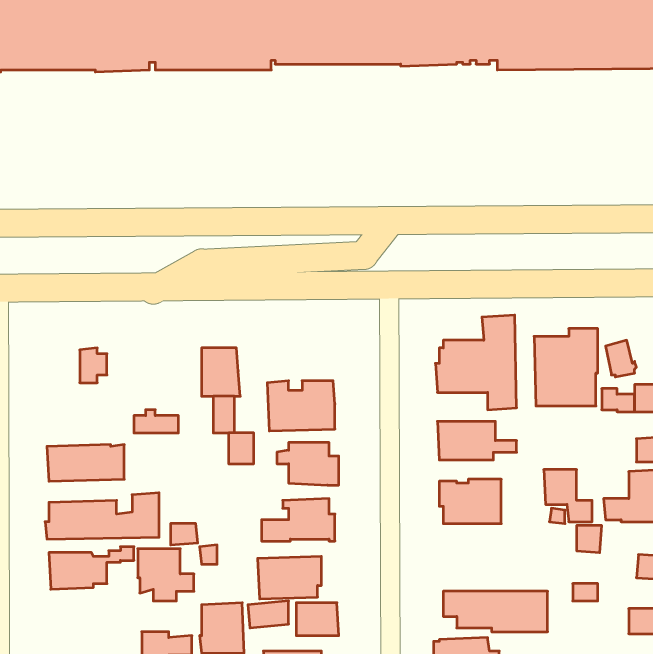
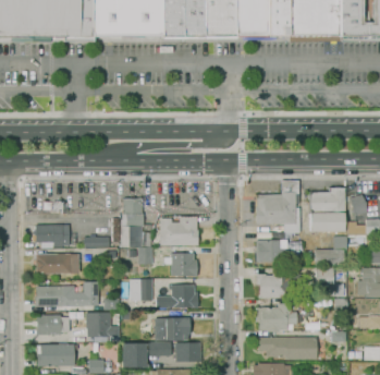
building: none -> [34,223,69,247]
building: none -> [315,235,347,265]
building: none -> [130,278,167,300]
building: none -> [256,302,297,331]
building: none -> [37,343,74,366]

